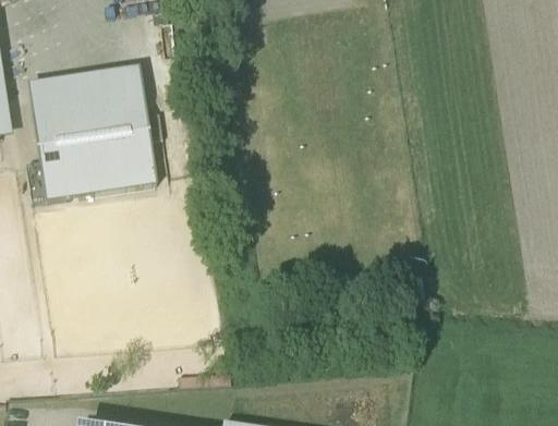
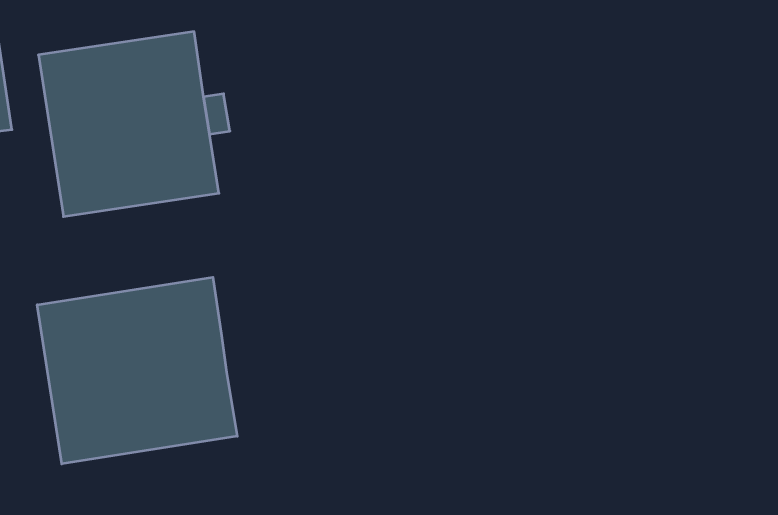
building: none -> [37,277,237,464]

